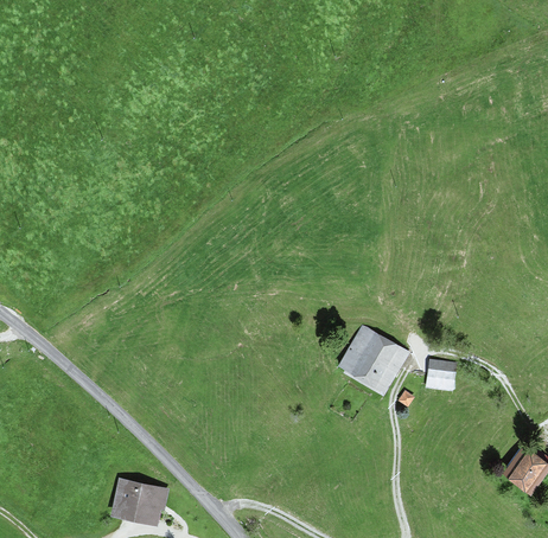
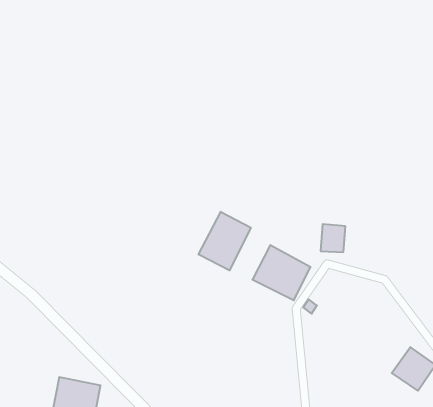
building: none -> [198,212,251,270]
building: [427,358,455,390] -> [321,224,345,252]

